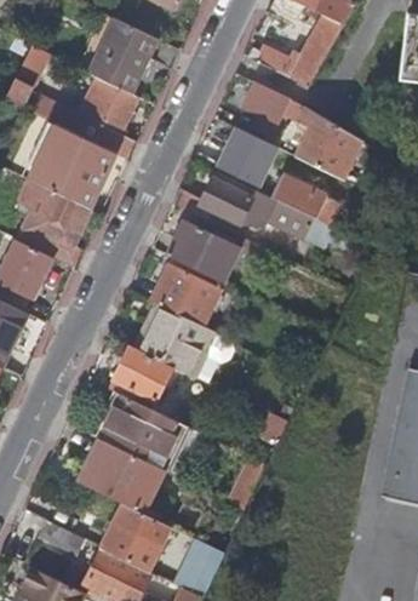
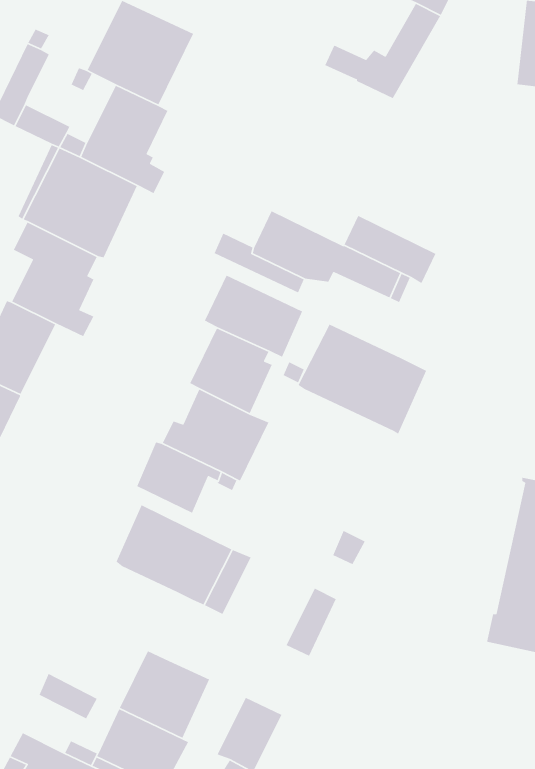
building: [242,82,362,179] -> none
building: [218,128,276,187] -> none
building: none -> [298,324,427,435]
building: [82,441,156,510] -> none

